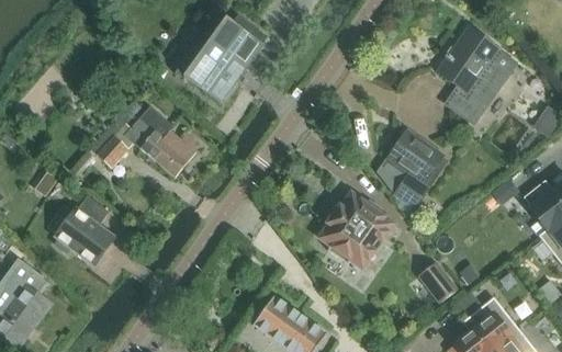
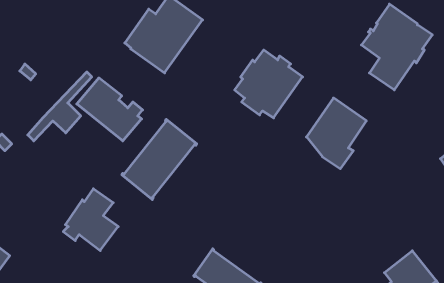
building: none -> [122,119,197,200]
building: [319,192,394,266] -> [235,50,303,118]
building: [54,195,114,263] -> [63,189,118,251]
building: [418,260,458,302] -> none

